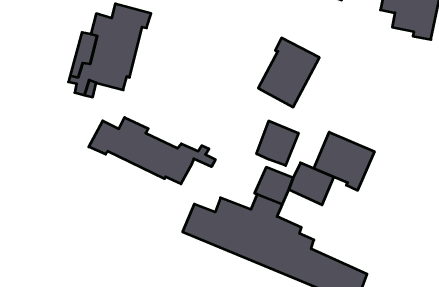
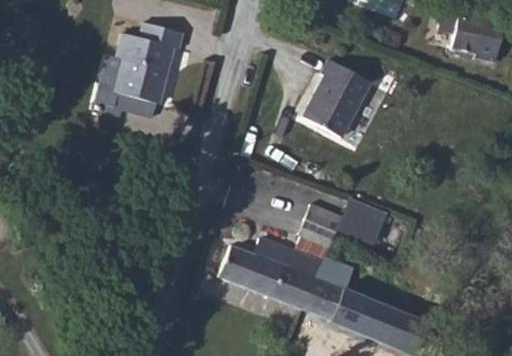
building: [89,117,215,184] -> none
building: [257,121,298,166] -> none
building: [314,132,374,190] -> none

